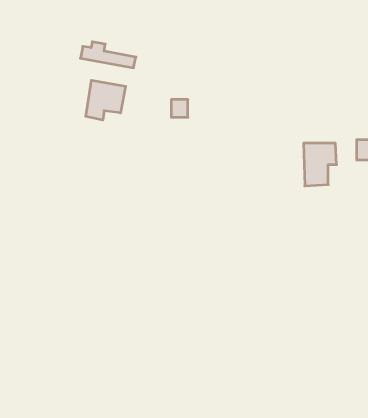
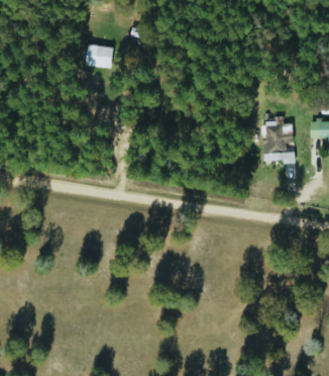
building: [86,80,126,120] -> none

